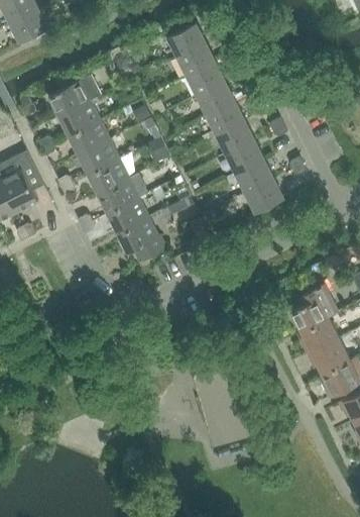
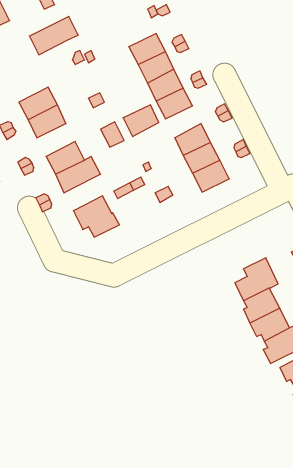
building: [166,22,206,57] -> none
building: [48,75,101,116] -> [29,16,78,55]
building: [216,120,254,154] -> [123,105,159,137]
building: [78,139,119,175] -> none
building: [107,198,148,233] -> none

